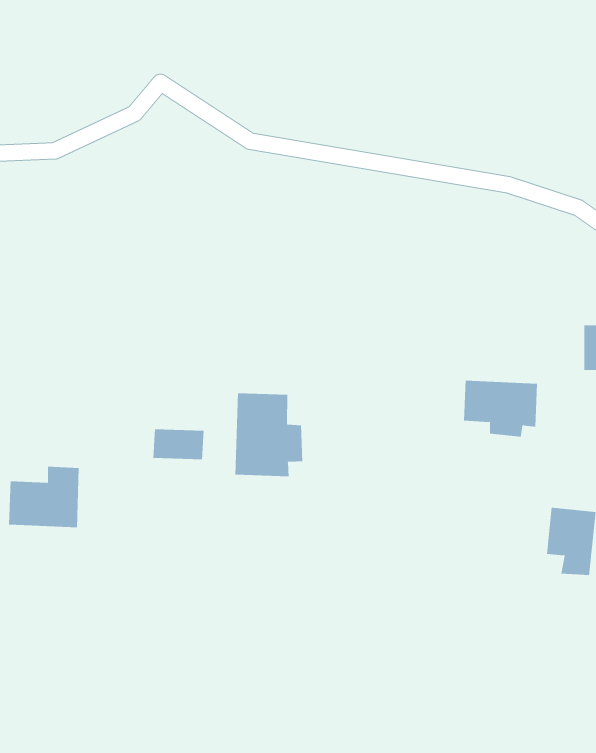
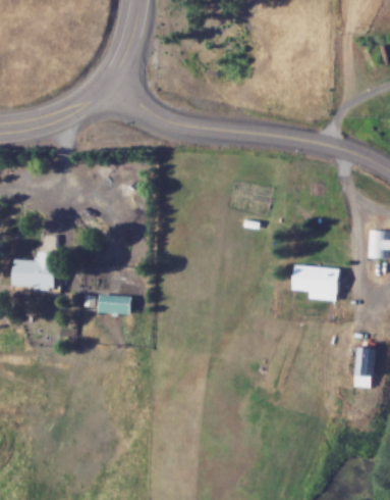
building: [235,392,303,477] -> none
building: [8,466,80,528] -> [12,251,57,290]

